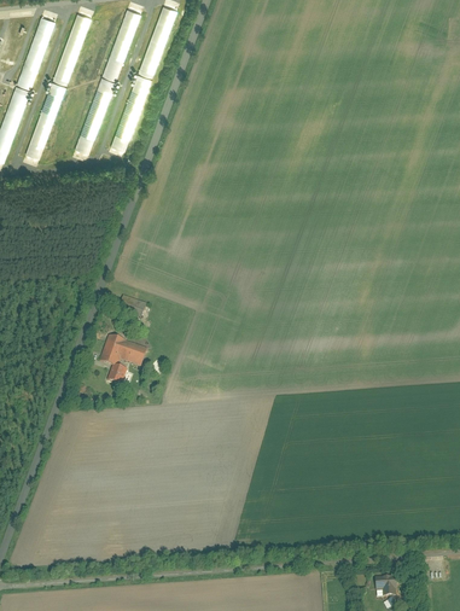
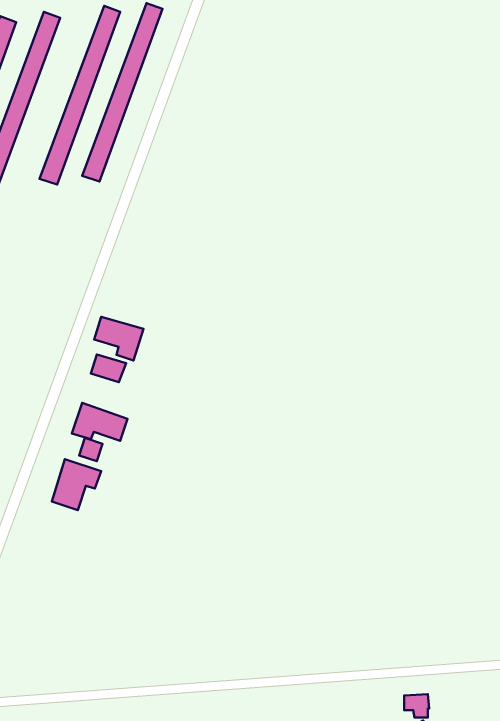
building: none -> [94,317,143,361]
building: none -> [52,459,101,510]

